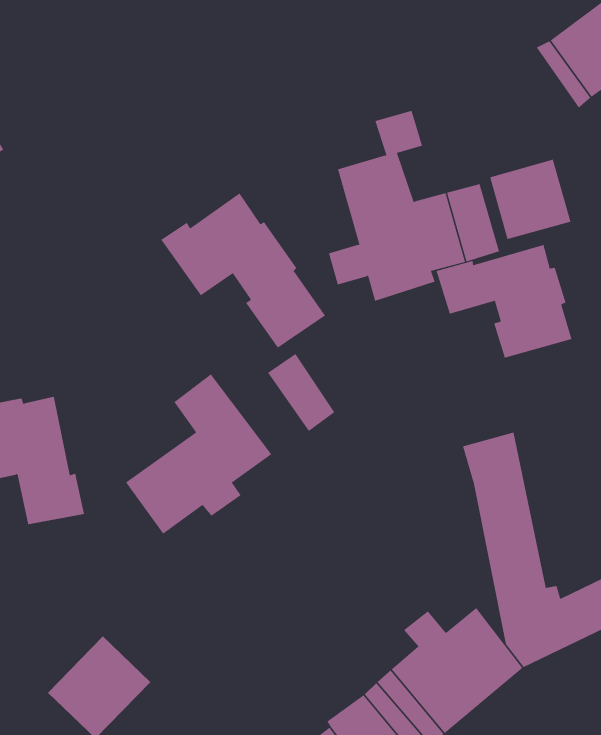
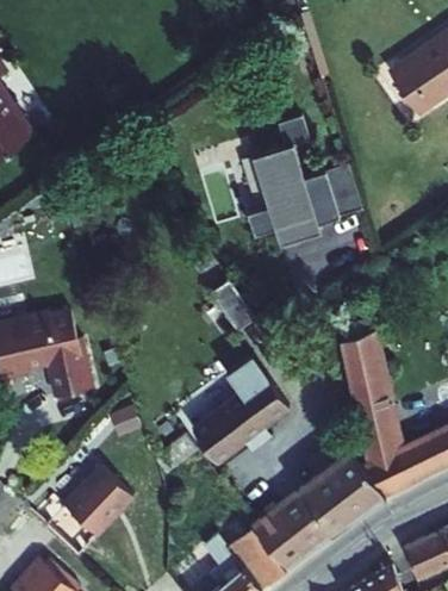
building: [489,159,571,240] -> none
building: [160,192,326,349] -> none
building: [436,244,572,358] -> none
building: [125,374,272,534] -> [188,356,286,464]

